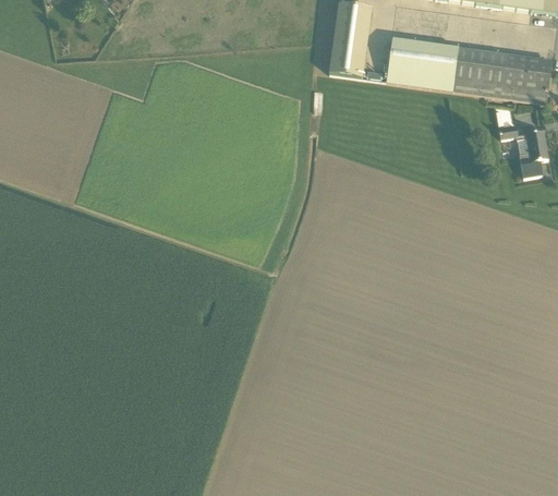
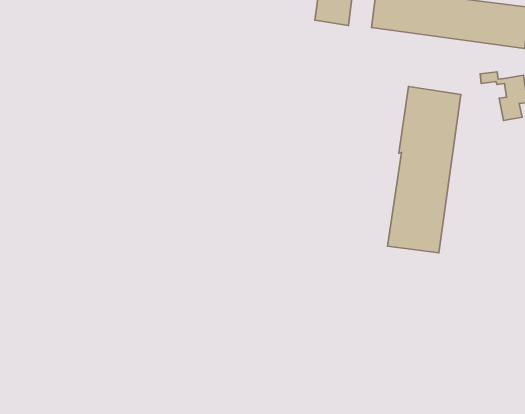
building: none -> [388,87,461,253]

